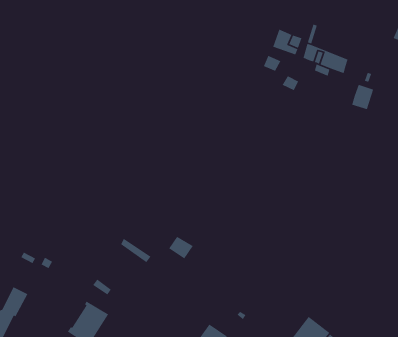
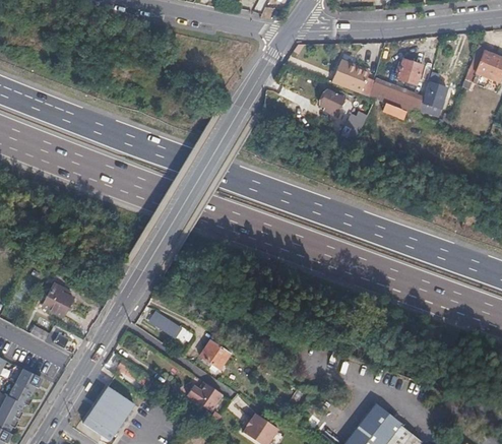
building: none -> [396,59,422,84]
building: [351,84,374,110] -> [420,82,447,114]
building: none -> [42,283,72,317]
building: [168,236,194,260] -> [199,339,230,368]
building: none -> [188,383,224,410]

